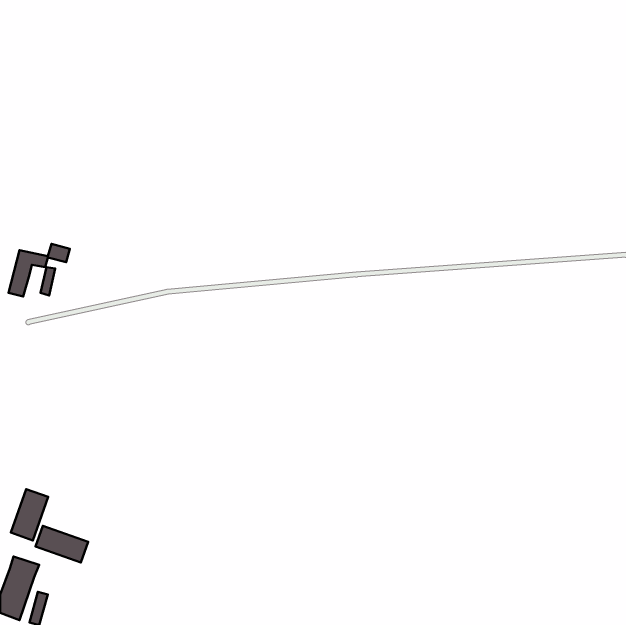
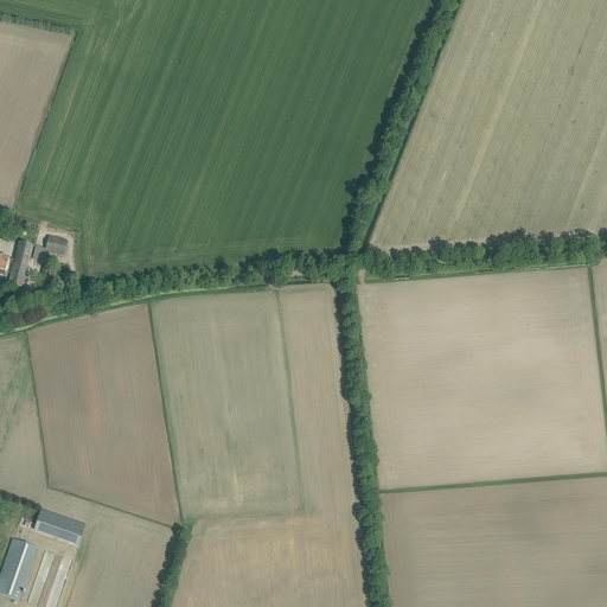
building: [11,489,48,540] -> none

